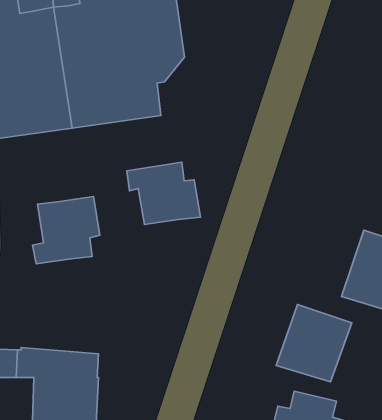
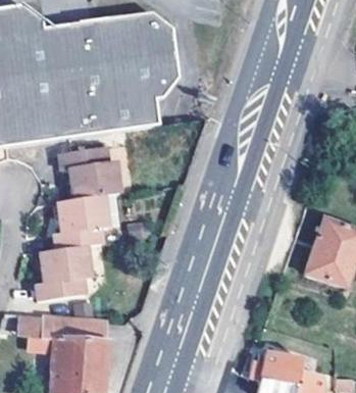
building: [127,162,200,225] -> [60,144,120,195]
building: none -> [36,242,89,297]
building: [276,304,352,382] -> none

